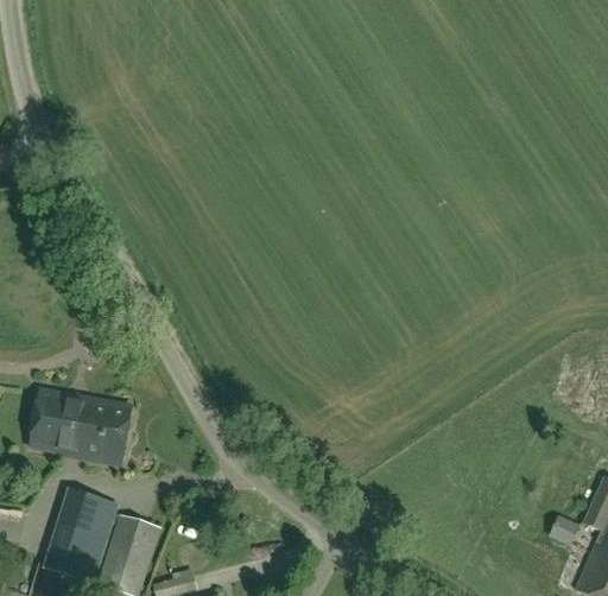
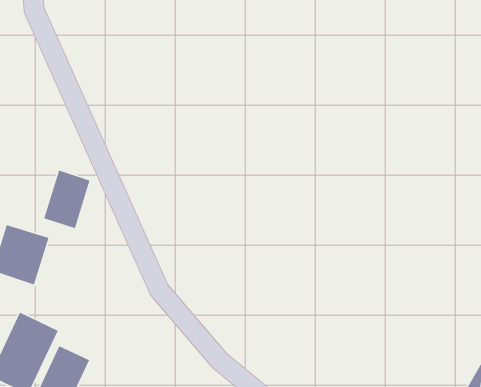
building: [83,398,131,463] -> [44,170,90,229]

